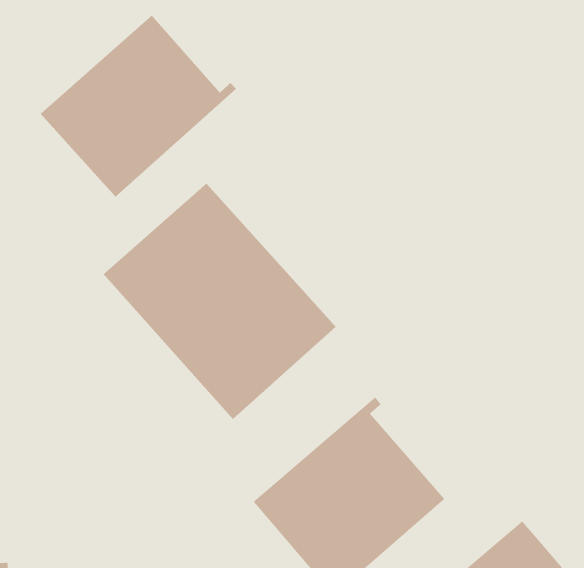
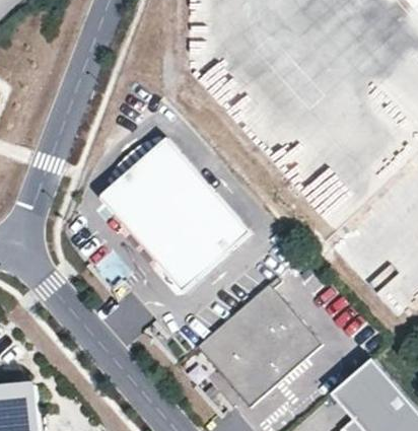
building: [40,15,237,197] -> none

